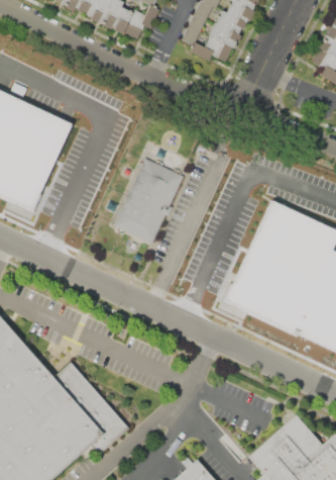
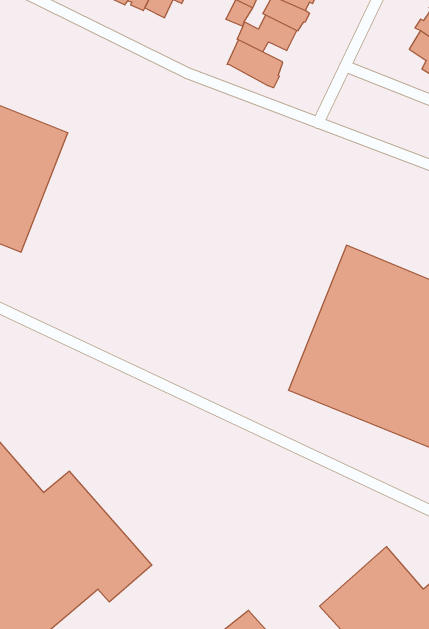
building: none -> [227,40,283,88]
building: [114,158,184,243] -> none

